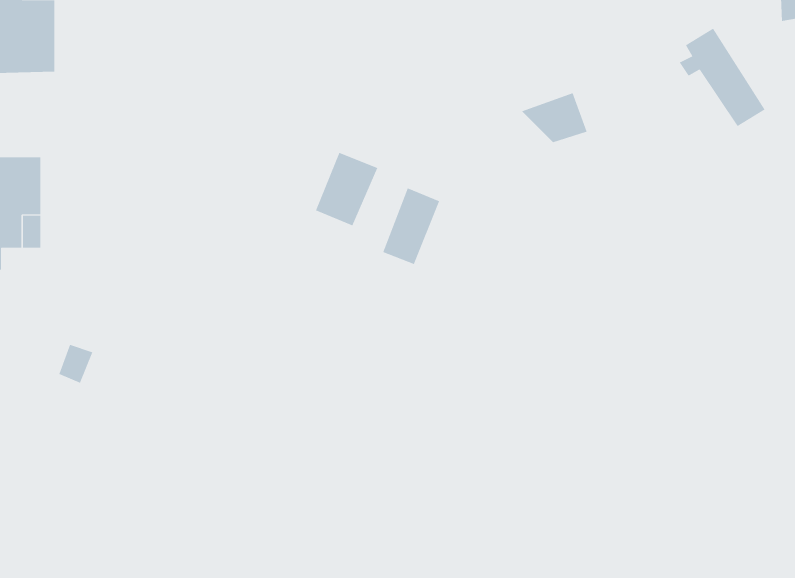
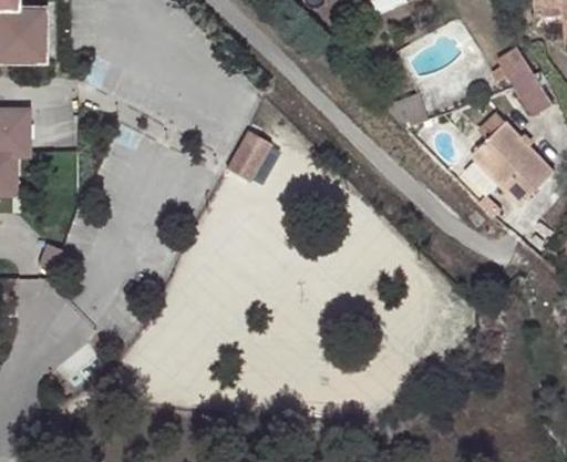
building: none -> [461,113,546,198]
building: [382,188,440,265] -> none

